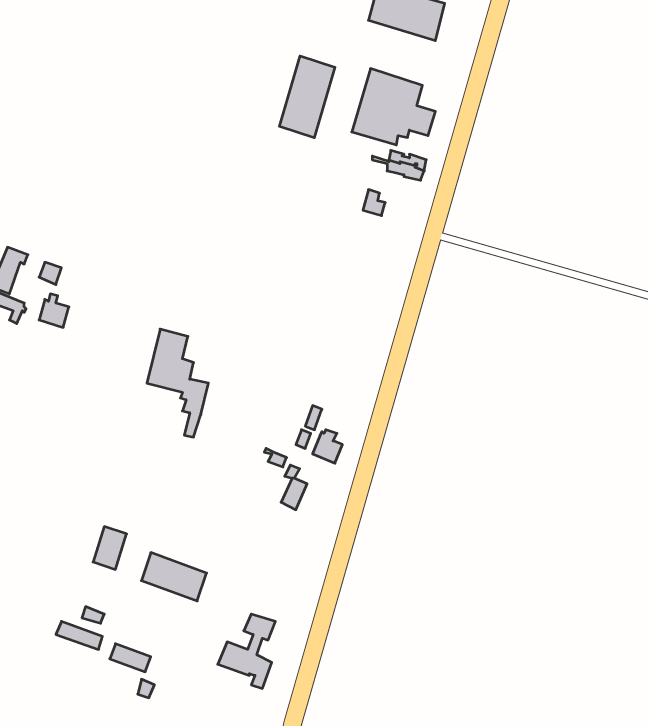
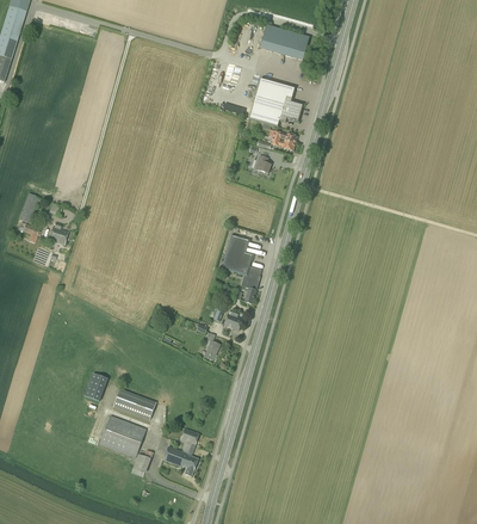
building: [279,56,335,138] -> none
building: [147,329,208,437] -> [222,234,261,303]
building: none -> [100,414,147,456]

